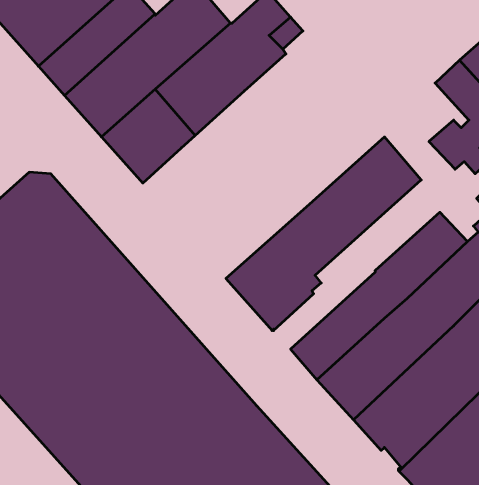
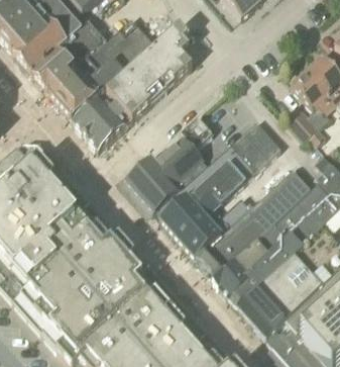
building: none -> [124,116,213,214]
building: none -> [184,199,250,261]

